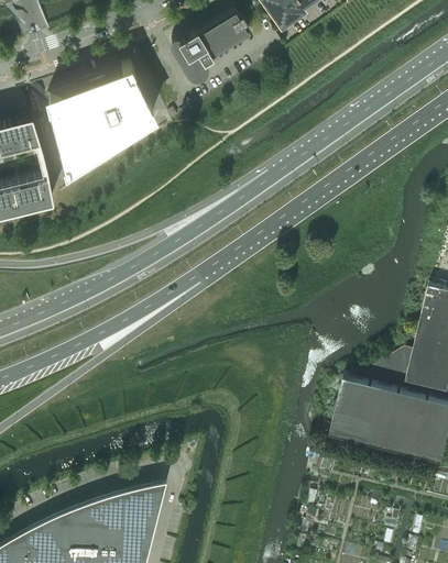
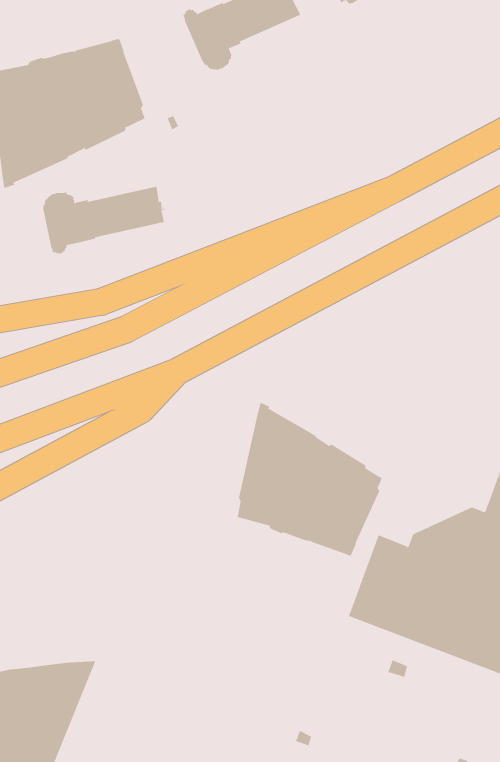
building: none -> [43,186,166,254]
building: none -> [237,402,383,556]

